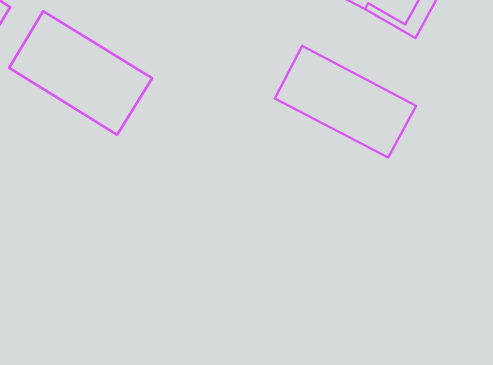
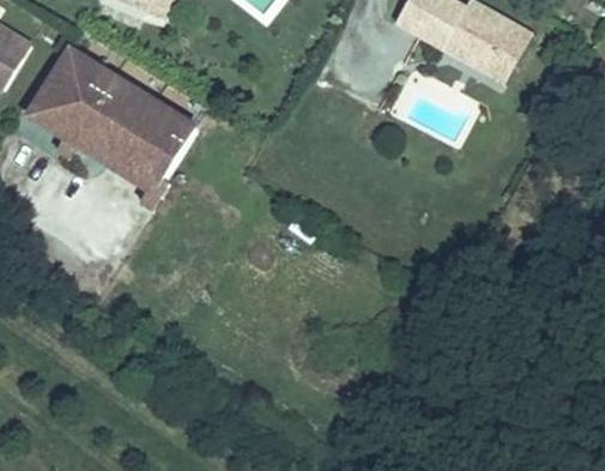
building: [275,46,416,157] -> none

